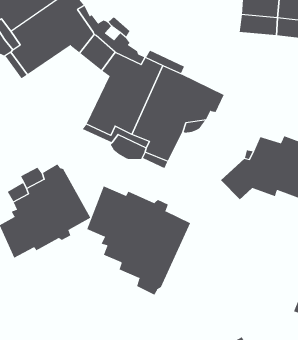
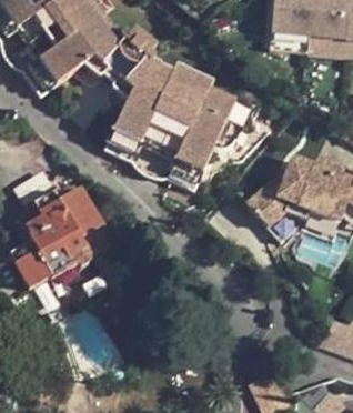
building: [87,186,191,295] -> none

